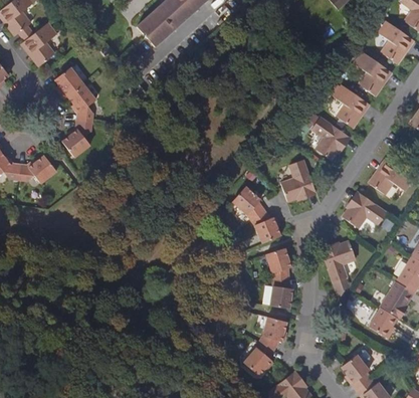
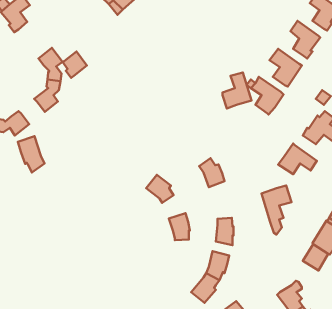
building: [54,67,82,97] -> [62,51,87,78]
building: [281,161,315,202] -> [223,72,251,108]
building: none -> [18,136,45,173]
building: [233,187,264,219] -> [146,175,173,203]
building: [265,248,289,279] -> [169,213,190,240]

